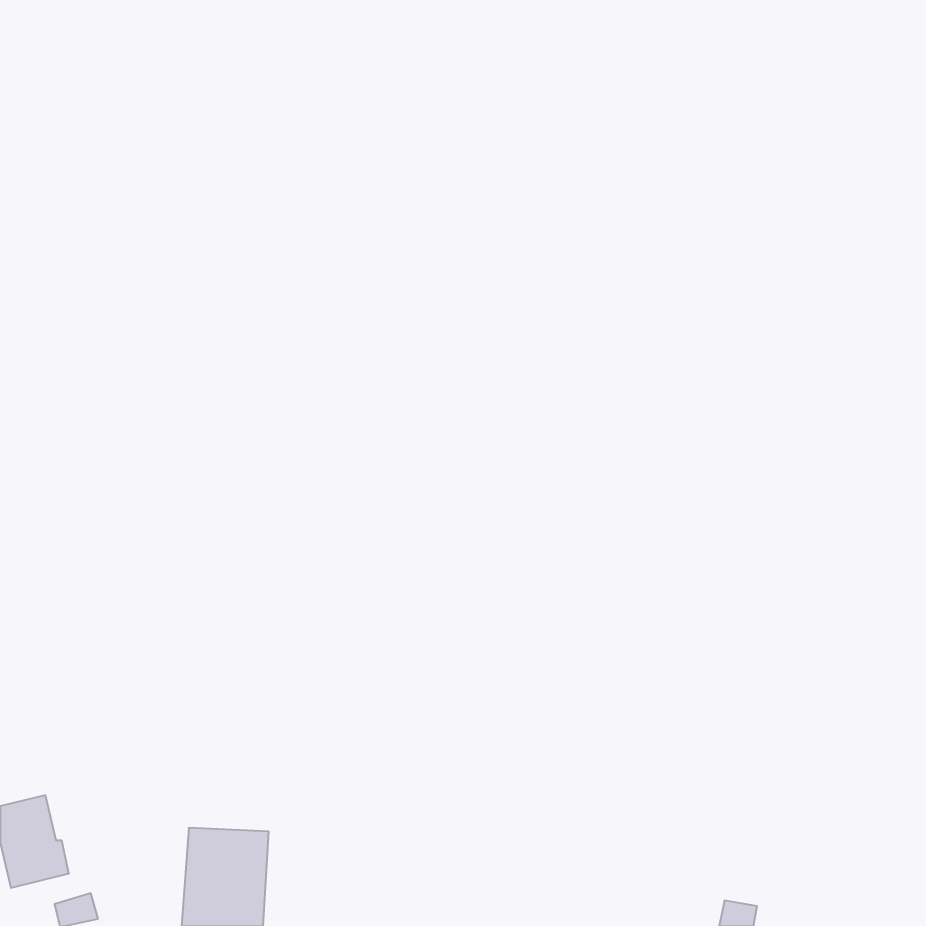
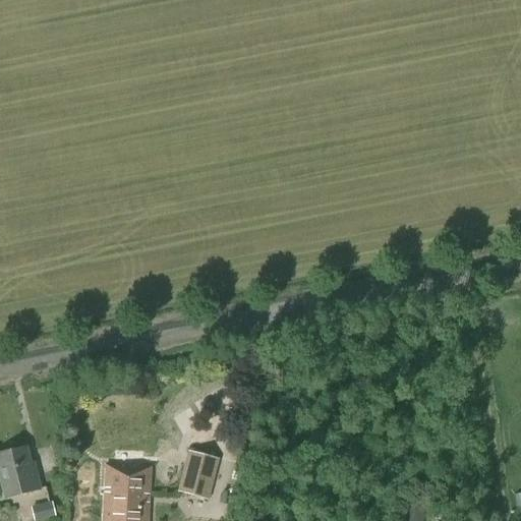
building: none -> [178,450,221,500]

